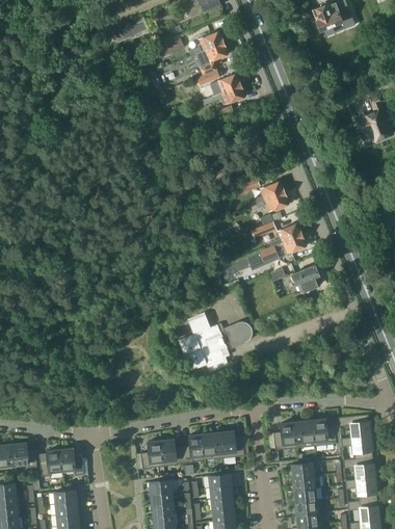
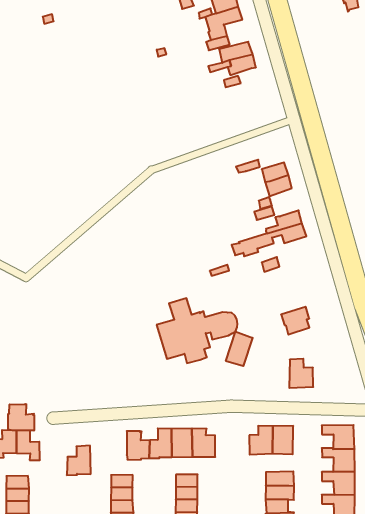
building: [292,265,319,292] -> [281,307,309,335]
building: none -> [226,332,253,366]
building: [312,418,336,446] -> [289,359,313,388]
building: none -> [8,404,34,431]
building: [140,440,163,469] -> [67,446,91,475]

